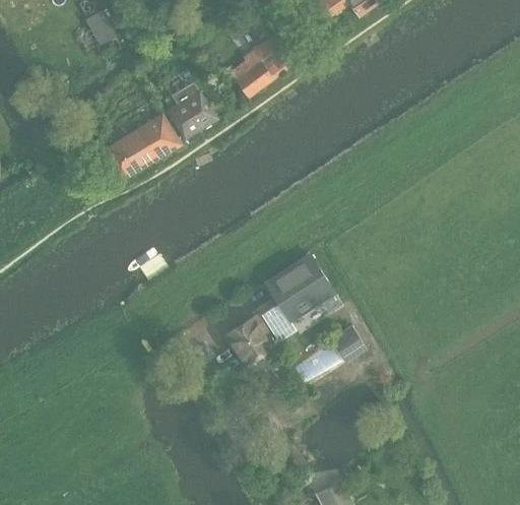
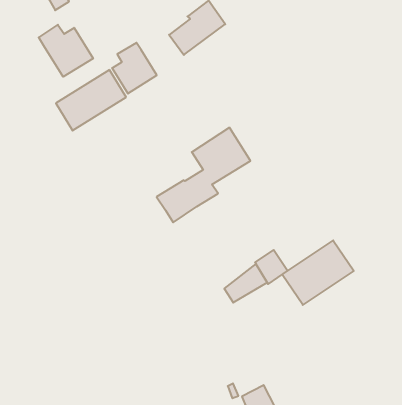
building: none -> [39,25,93,77]
building: [224,253,333,363] -> [157,128,250,222]
building: none -> [282,240,354,305]

